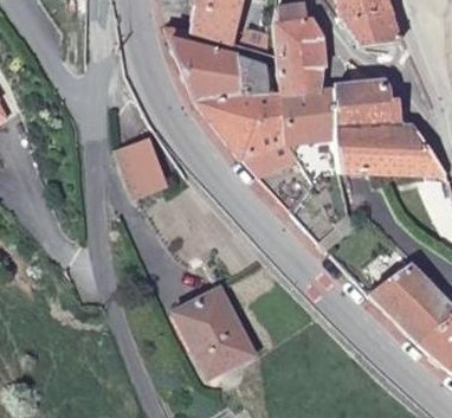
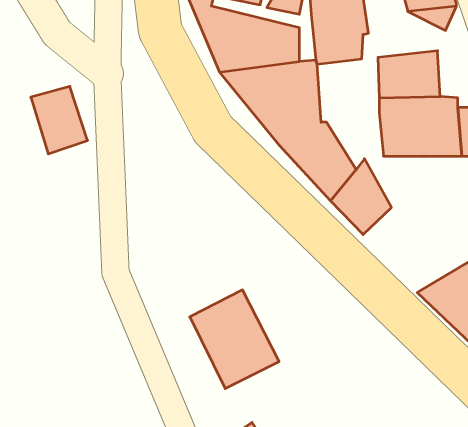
building: [282,88,336,144] -> none
building: [117,139,167,198] -> [31,86,88,154]

